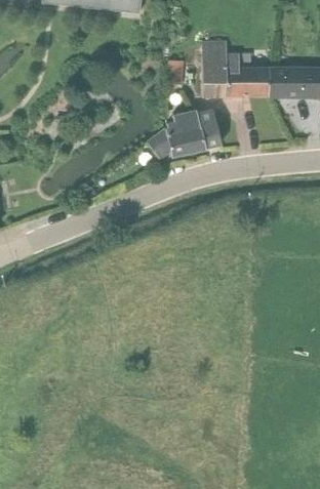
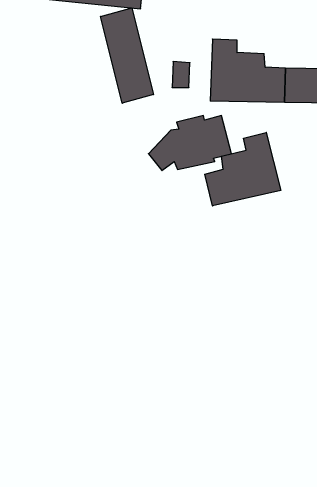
building: none -> [101,8,153,103]
building: none -> [205,132,281,206]

